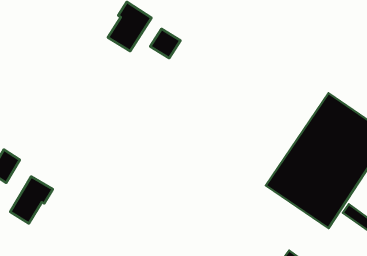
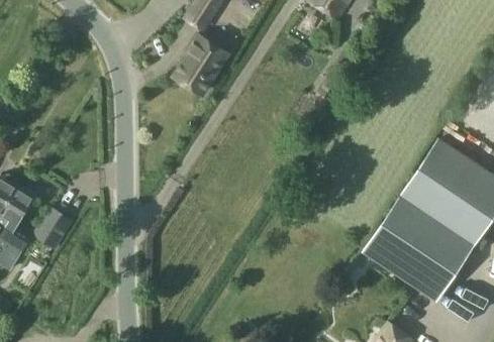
building: [150,29,180,58] -> none
building: [10,176,53,224] -> none

